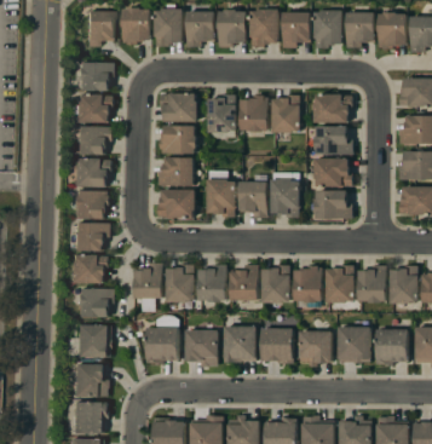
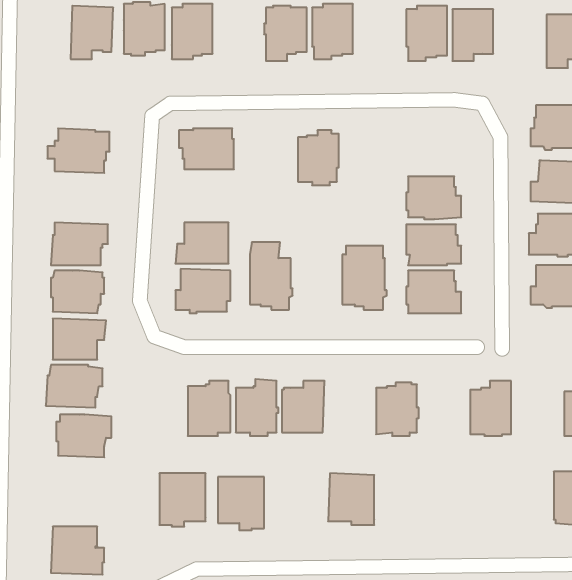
building: [186,11,214,46] -> none
building: [282,12,310,48] -> none
building: [378,12,407,48] -> none
building: [76,62,115,91] -> none
building: [208,94,237,132] -> none
building: [272,94,300,133] -> none
building: [313,94,352,122] -> none
building: [160,125,196,154] -> none
building: [76,126,113,155] -> none
building: [240,181,267,218] -> none
building: [134,263,162,305] -> none
building: [261,265,292,302] -> none
building: [327,265,356,302] -> none
building: [390,265,419,304] -> none
building: [75,324,113,357] -> none
building: [225,325,257,362] -> none
building: [338,327,370,363] -> none
building: [376,329,408,365] -> none
building: [300,330,333,367] -> none

